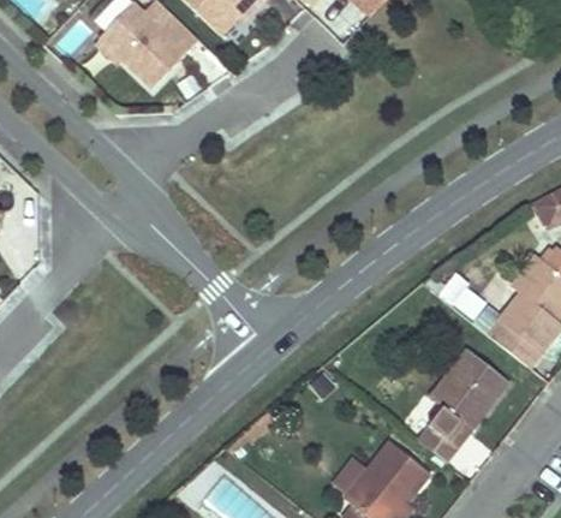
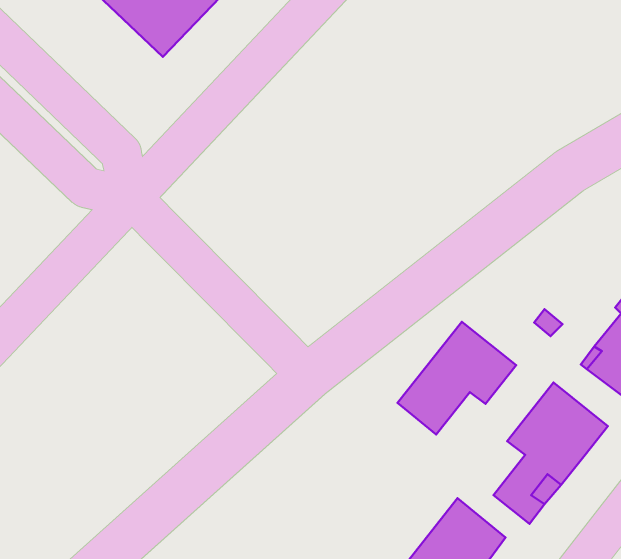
building: none -> [398,322,516,434]

